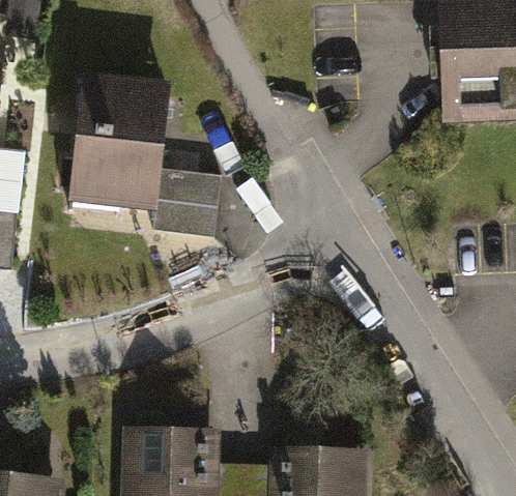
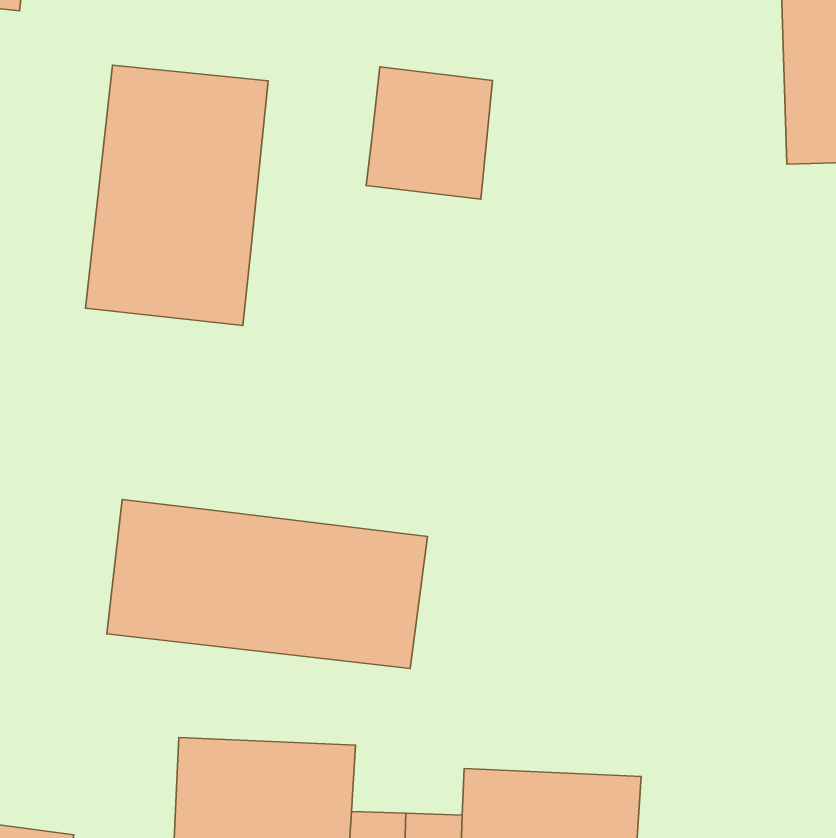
building: [152,170,220,240] -> [366,67,492,199]
building: none -> [107,500,428,668]

